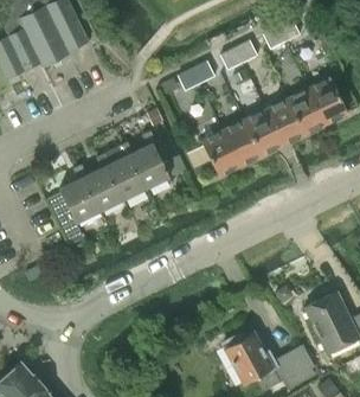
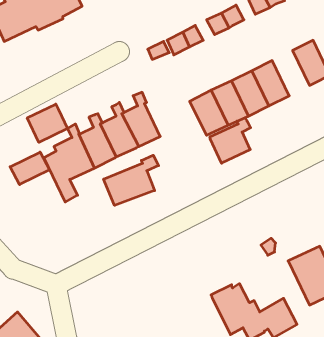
building: [288,87,327,134] -> none
building: none -> [27,104,67,142]
building: none -> [210,118,251,163]
building: none -> [10,152,50,185]
building: none -> [104,155,159,205]

